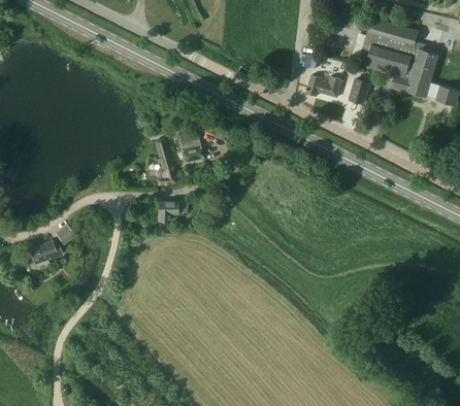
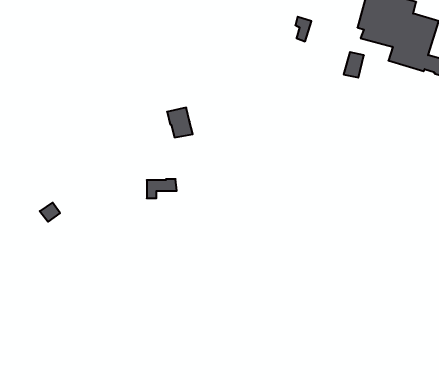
building: [306,75,341,97] -> none
building: [155,139,174,185] -> none
building: [28,240,62,264] -> none

